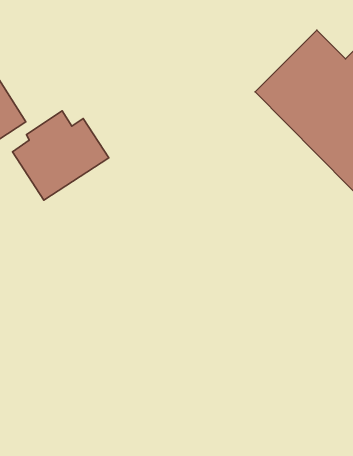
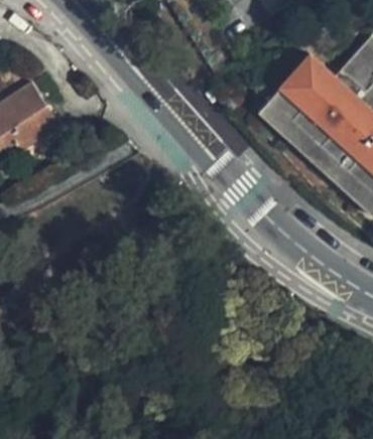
building: [13,111,109,200] -> none

